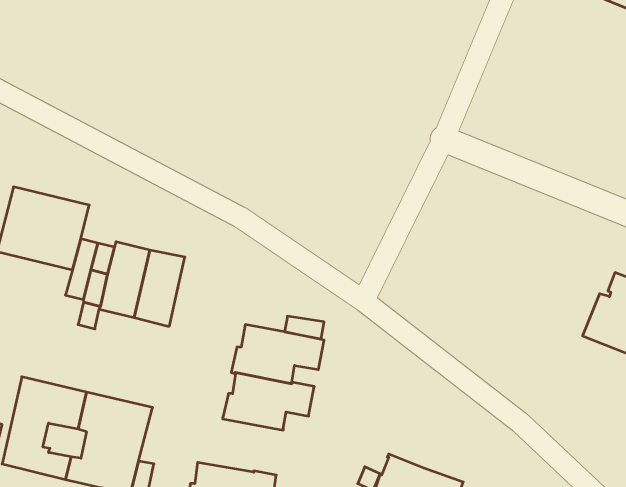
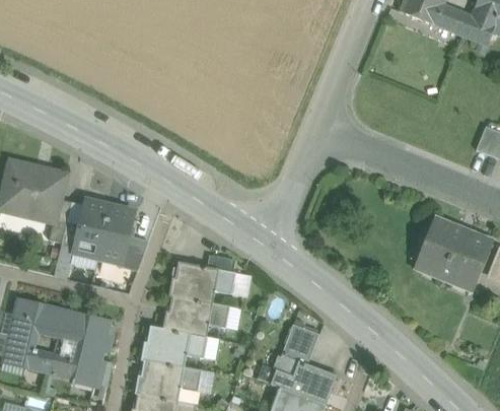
building: none -> [122,234,148,271]
building: none -> [282,324,318,364]
building: none -> [141,326,207,367]

